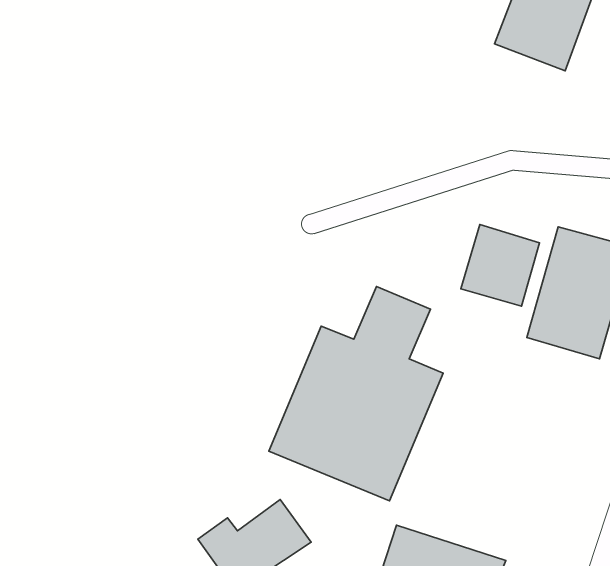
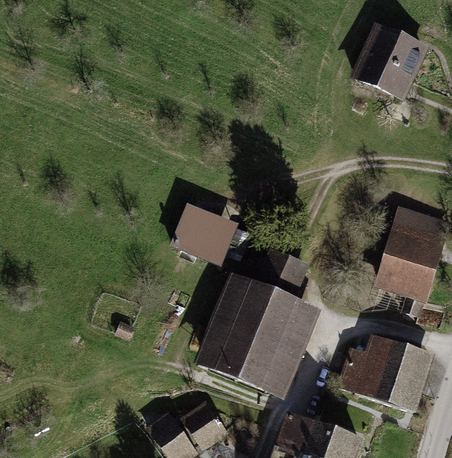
building: none -> [165,204,232,267]
building: [461,224,540,306] -> none
building: none -> [340,334,432,408]

